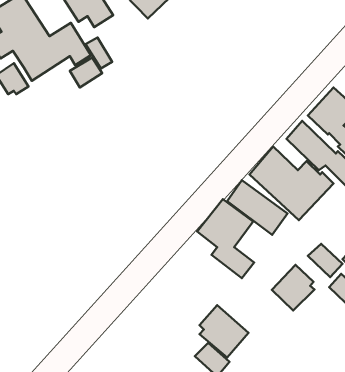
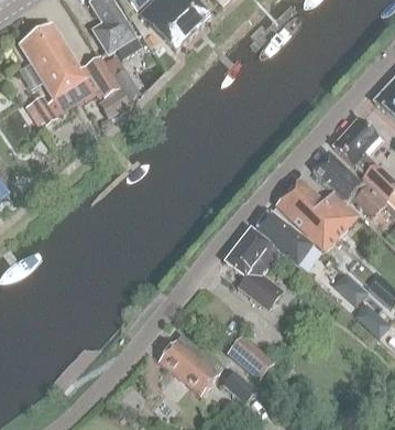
building: [272,265,314,311] -> none
building: none -> [157,333,222,395]

